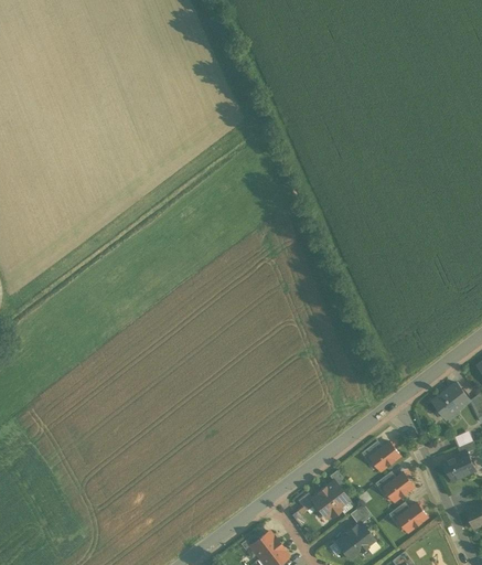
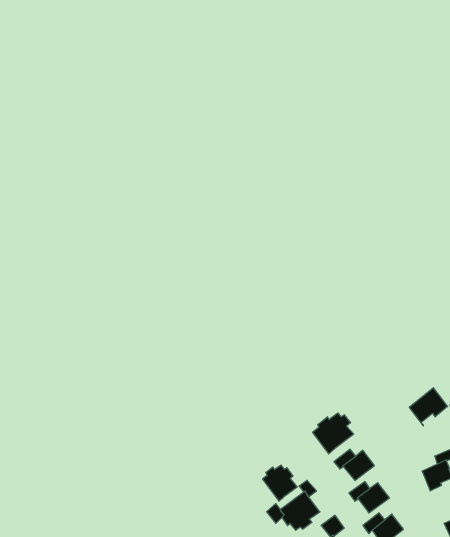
building: none -> [313,413,354,454]
building: none -> [263,465,297,501]

